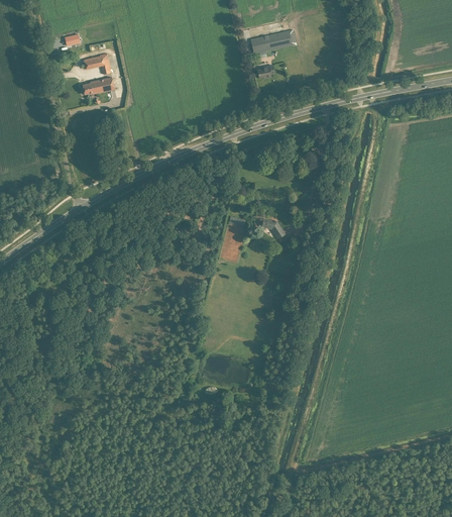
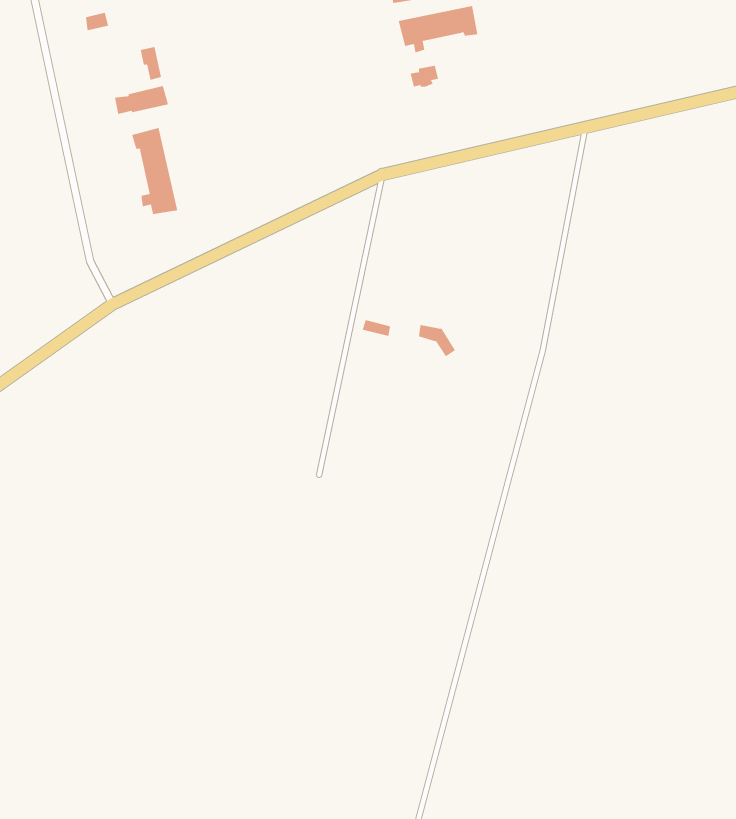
building: none -> [131,127,178,215]

